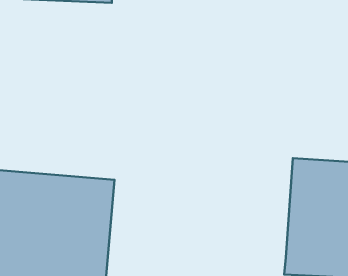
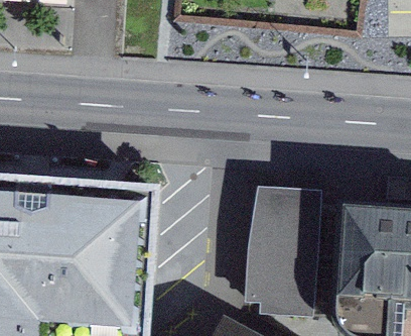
building: none -> [257,178,342,294]

